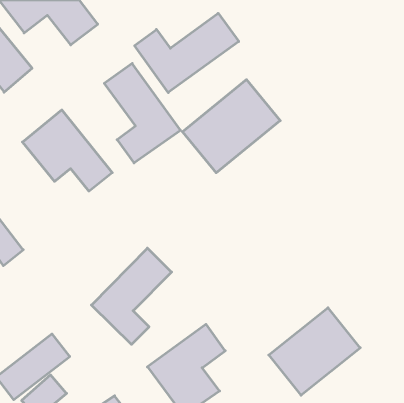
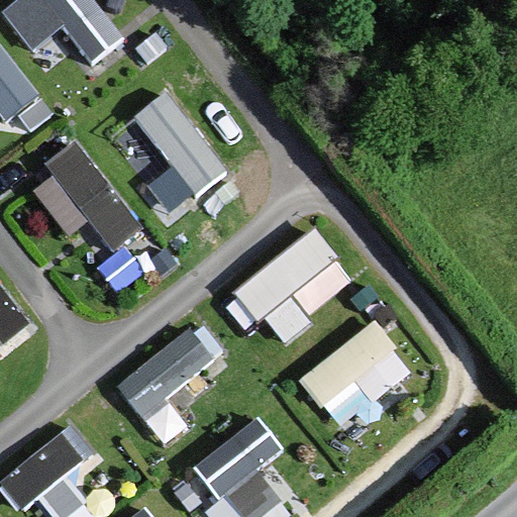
building: [135,13,239,93] -> none
building: [182,80,280,173] -> [233,229,356,346]
building: [269,308,360,395] -> [298,321,413,431]

